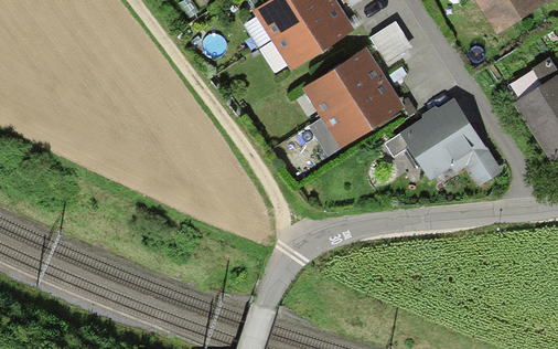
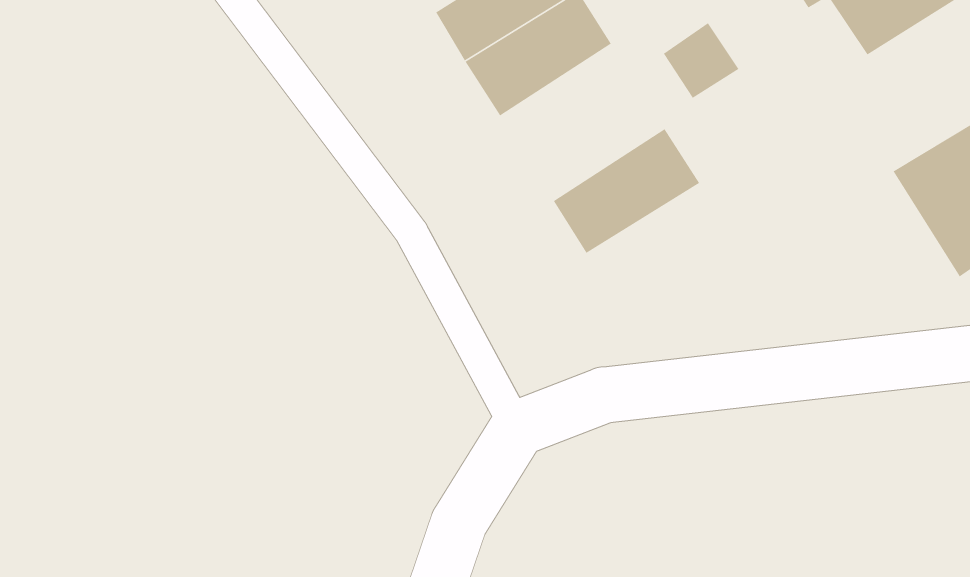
building: [302,50,383,117] -> none
building: [396,101,496,179] -> none

